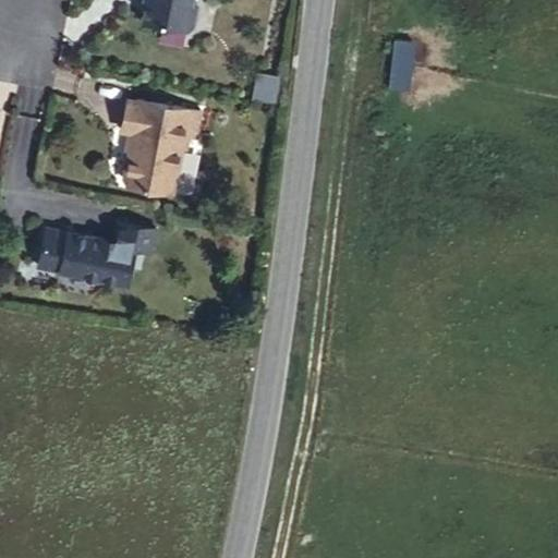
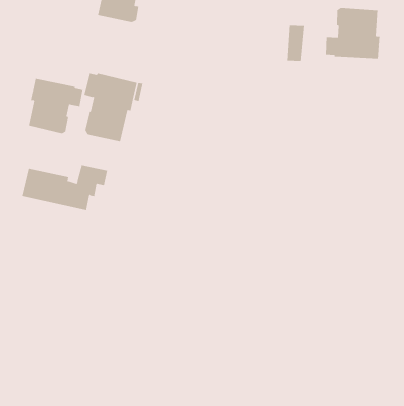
building: none -> [325,7,380,60]
building: none -> [28,78,83,134]

